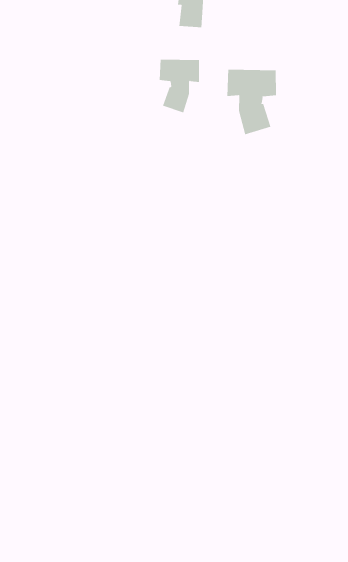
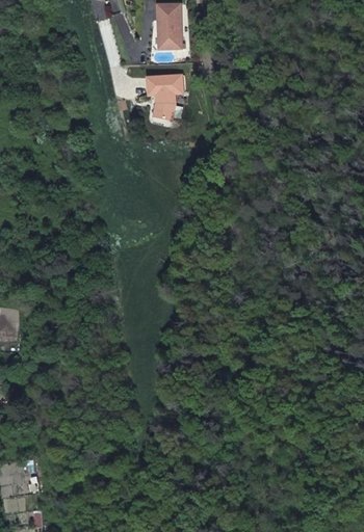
building: [227,69,277,135] -> none

